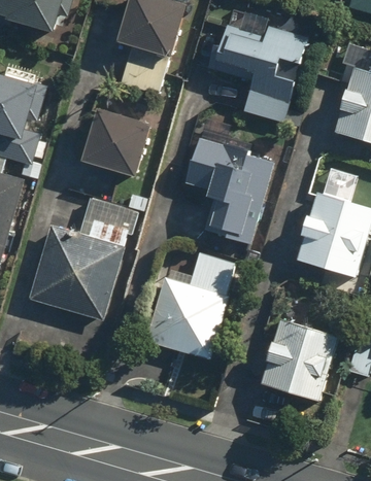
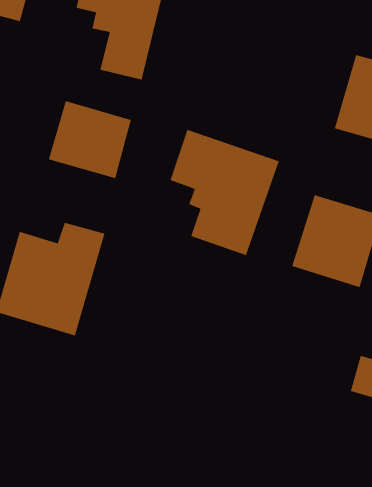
building: [212,25,309,119] -> none
building: [144,249,238,359] -> none
building: [258,318,336,401] -> none

